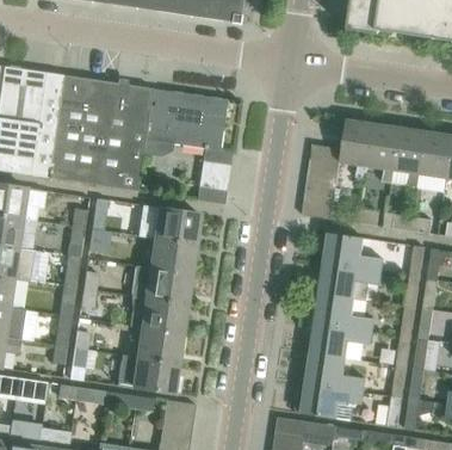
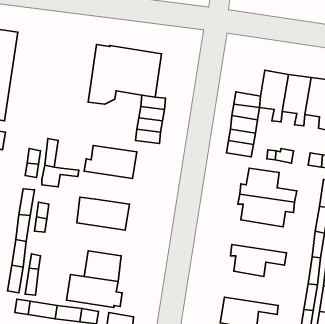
building: [47,74,153,190] -> none
building: [151,238,194,273] -> none
building: [309,291,374,329] -> none
building: [129,295,186,333] -> none
building: [301,351,365,390] -> none

